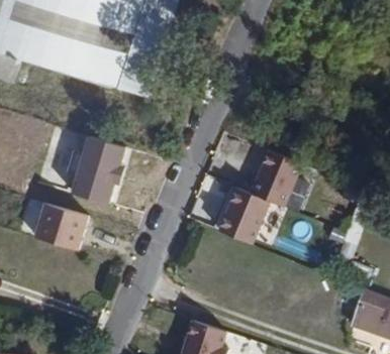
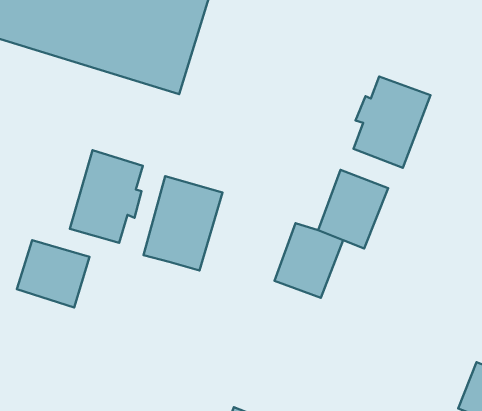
building: none -> [353,76,431,168]
building: none -> [144,176,222,270]

